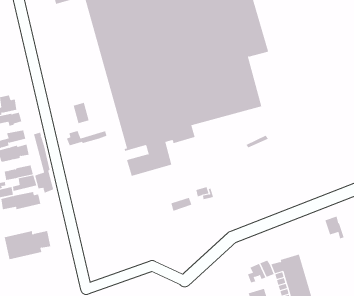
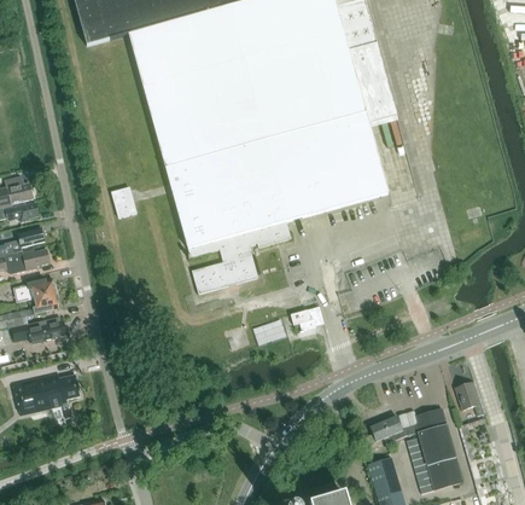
building: [66,130,107,146] -> none
building: [33,132,54,194] -> none
building: [325,216,345,239] -> [455,382,484,416]

